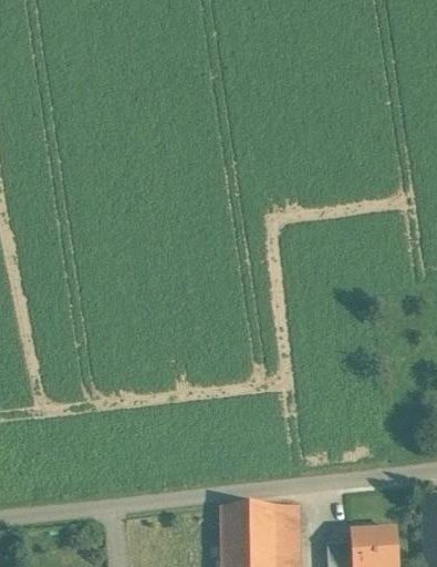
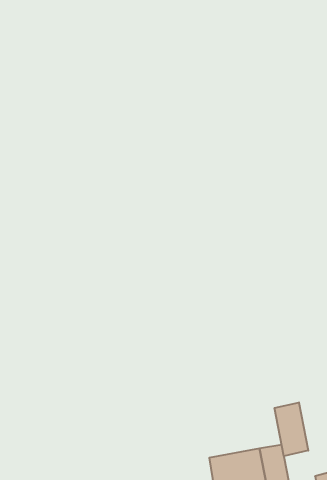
building: none -> [275,402,308,456]

